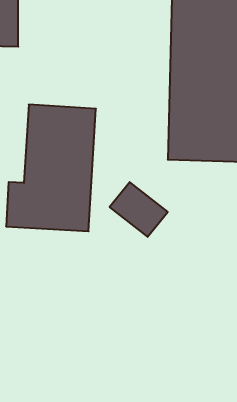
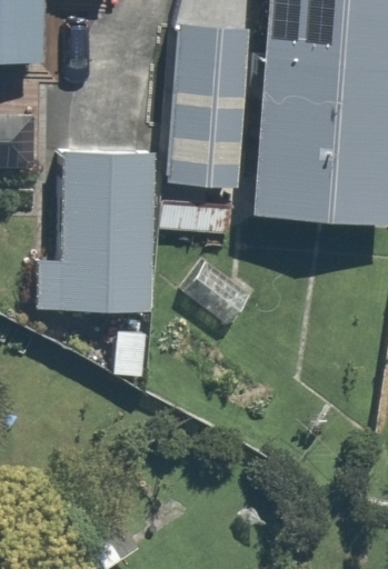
building: none -> [160,19,252,188]

